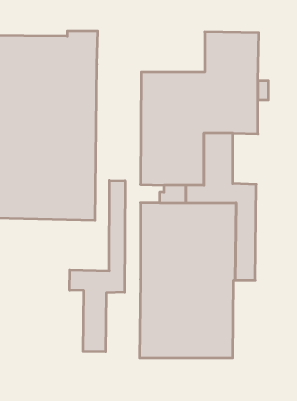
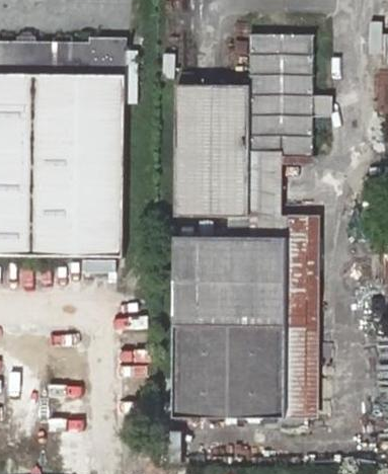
building: [70,180,125,352] -> none
building: none -> [282,216,320,418]

